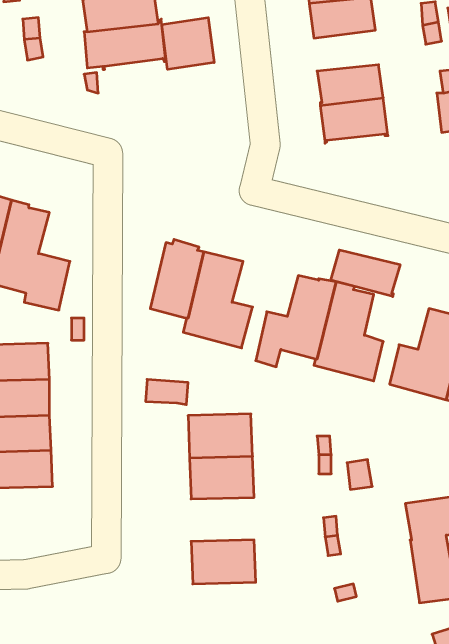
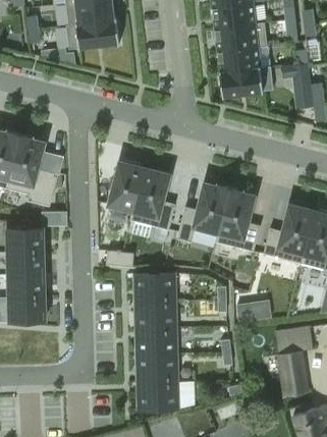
building: [162,18,214,69] -> none
building: none -> [215,23,267,51]
building: [331,250,400,297] -> none
building: none -> [135,327,176,356]
building: none -> [137,382,178,411]

